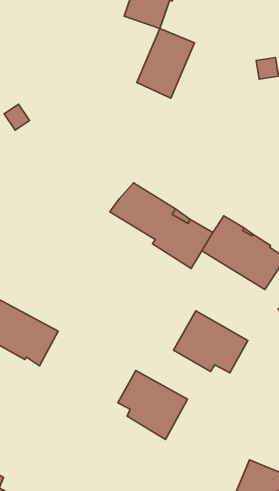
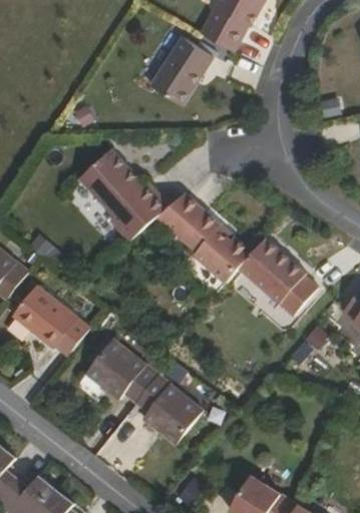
building: [137,28,195,98] -> [149,39,211,107]
building: none -> [79,151,167,242]
building: [174,311,248,373] -> [85,338,157,402]

